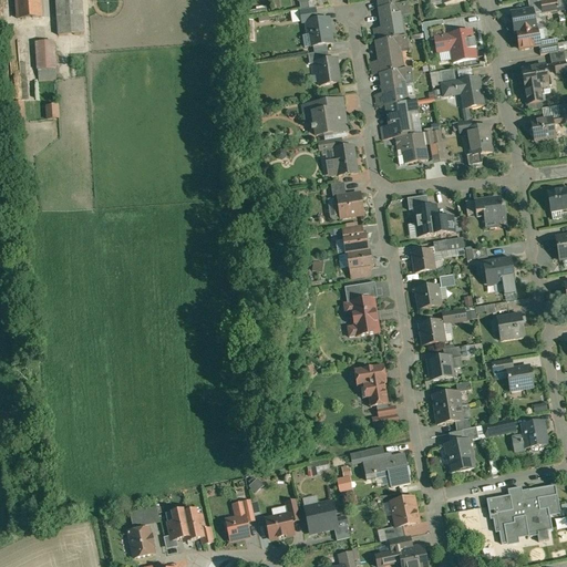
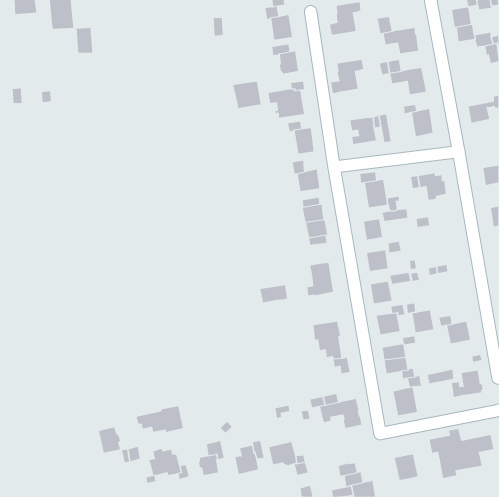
building: [370,35,409,73] -> none
building: [35,39,55,68] -> [76,28,93,53]
building: [522,63,549,103] -> none
building: none -> [233,81,261,109]
building: [380,100,419,138] -> none
building: [483,256,517,292] -> none
building: [344,281,377,302] -> [259,285,288,303]
building: [496,312,525,339] -> [409,310,434,333]
building: none -> [136,405,183,433]
building: [391,496,419,526] -> [394,454,418,480]
building: [128,527,154,557] -> [98,427,121,453]

